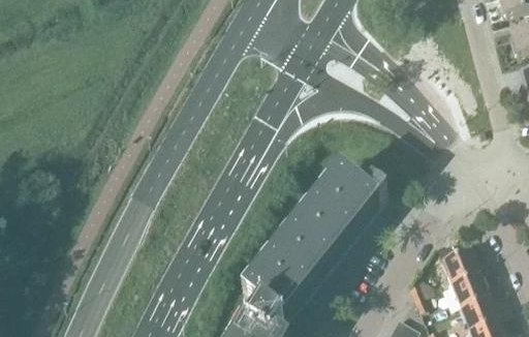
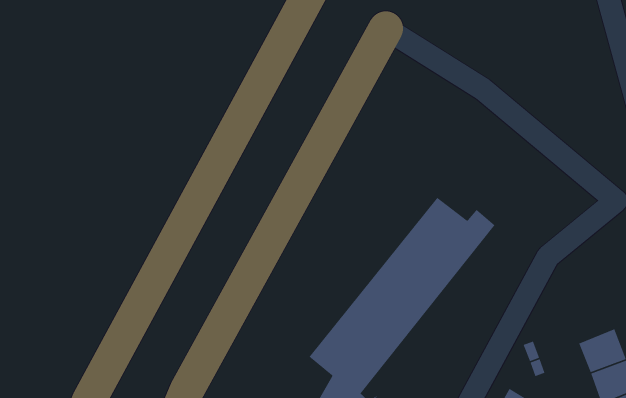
building: [438,242,475,276] -> none

